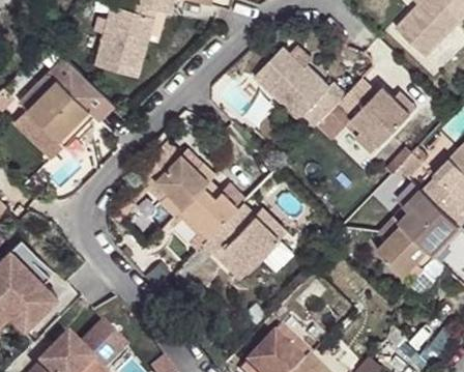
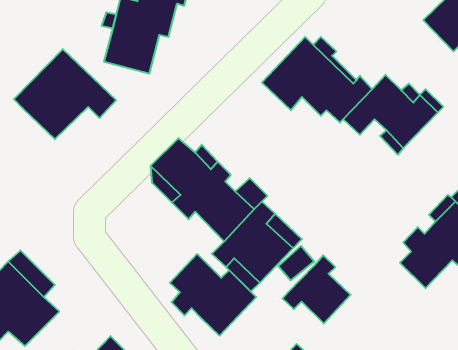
building: [11,108,88,154] -> none
building: none -> [170,254,256,336]
building: none -> [283,255,351,324]

